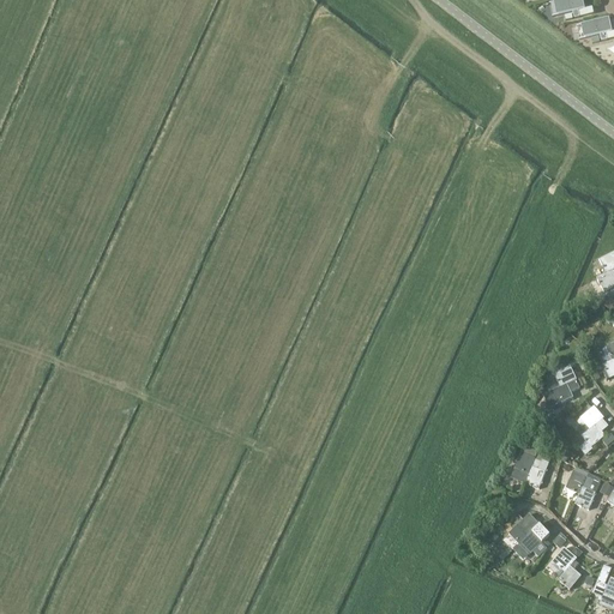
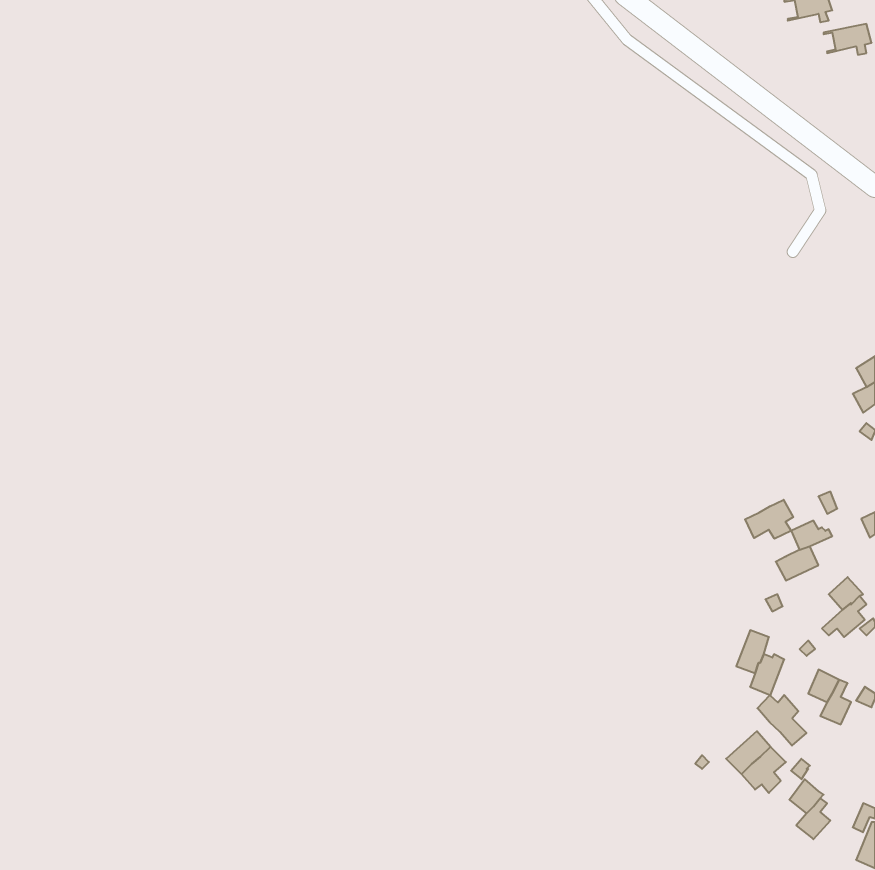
building: none -> [745,500,793,539]
building: none -> [757,695,806,746]

